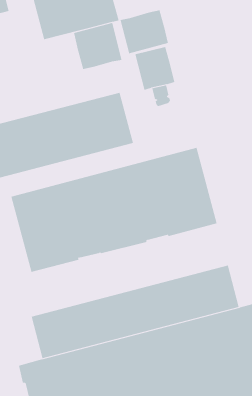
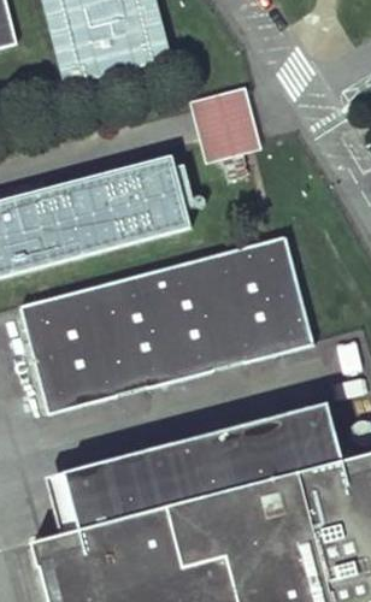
building: [120,10,168,54] -> none
building: [74,22,122,70] -> none

